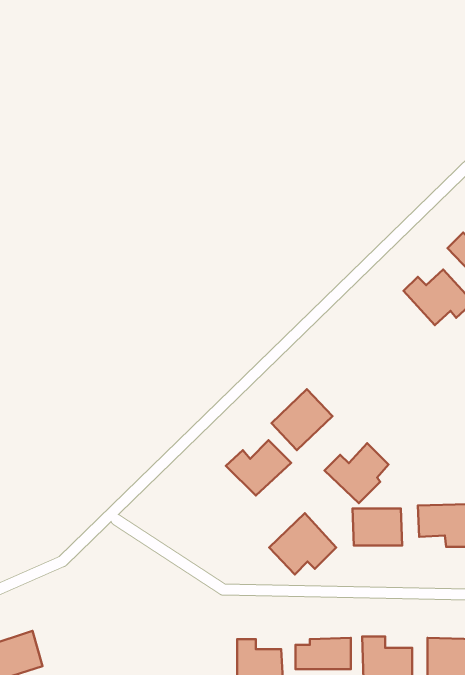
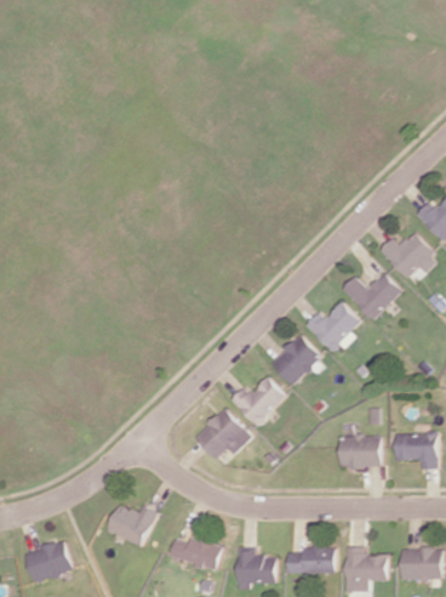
building: none -> [339,273,401,320]
building: [325,443,389,503] -> [303,302,358,353]
building: [269,513,336,574] -> [191,408,248,460]
building: none -> [105,504,156,547]
building: none -> [170,536,222,568]

